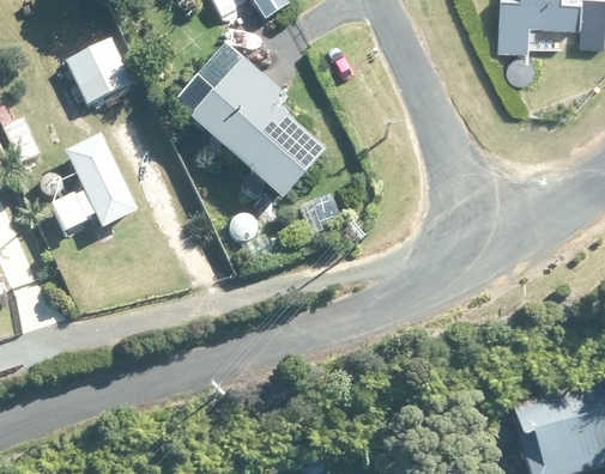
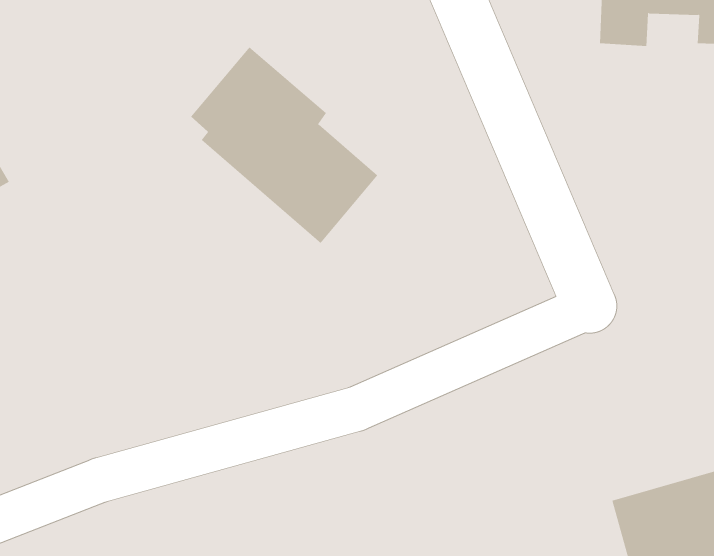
building: [61,32,133,103] -> none
building: [53,133,137,232] -> none

